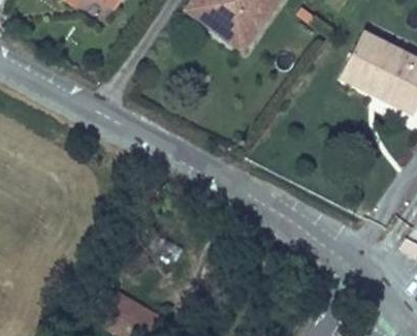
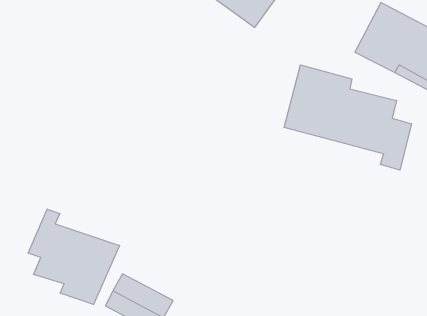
building: none -> [284,65,412,170]
building: none -> [28,209,120,305]

